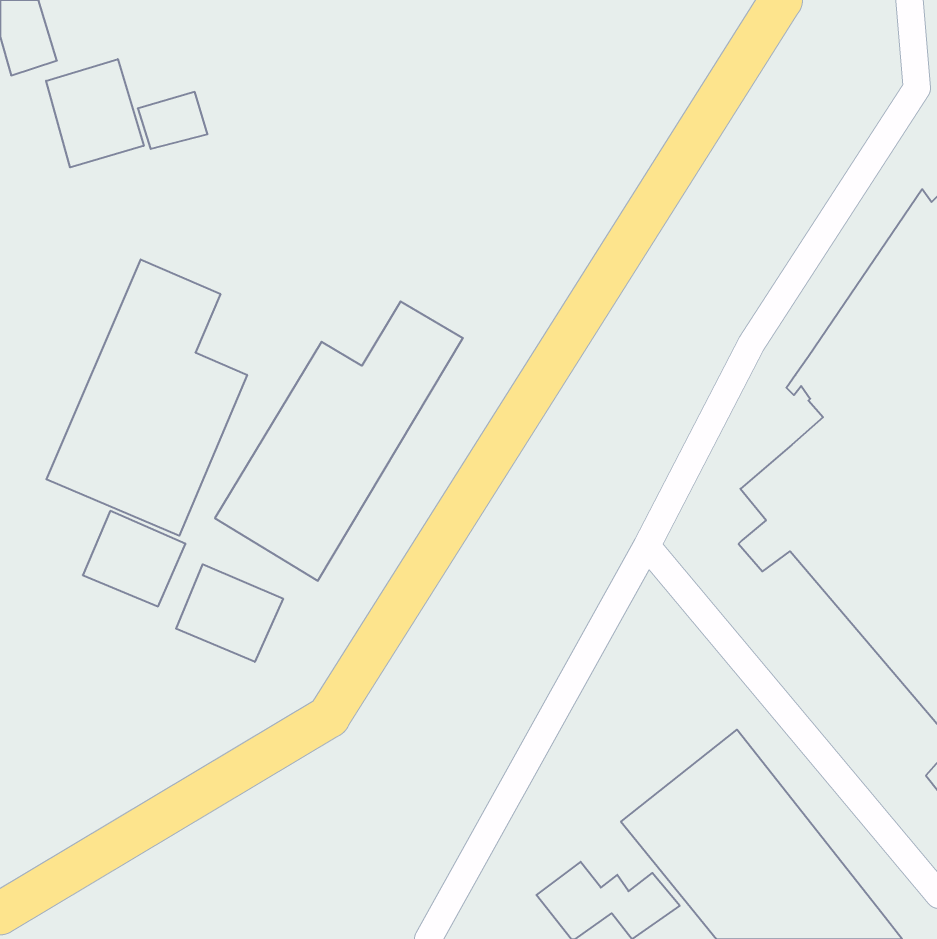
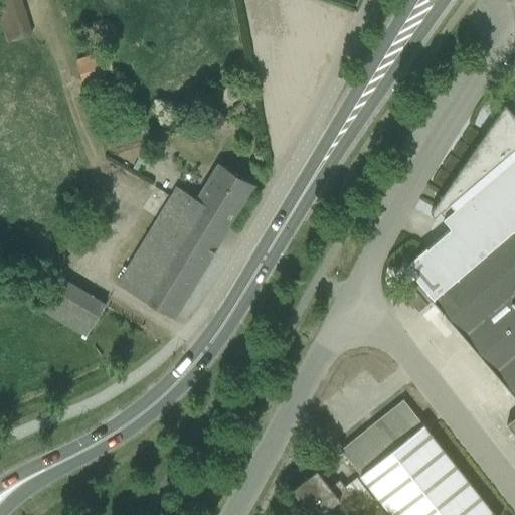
building: [46,59,144,167] -> none
building: [46,259,247,536] -> none
building: [176,564,283,662] -> none

